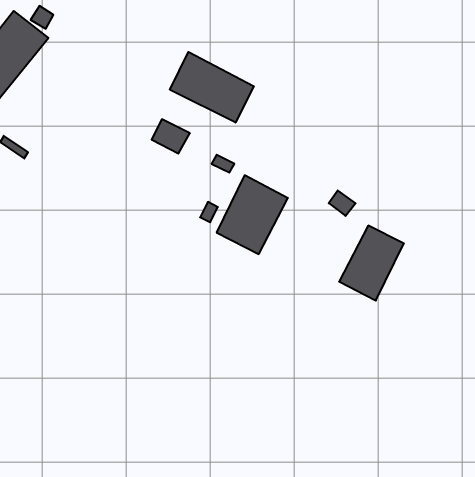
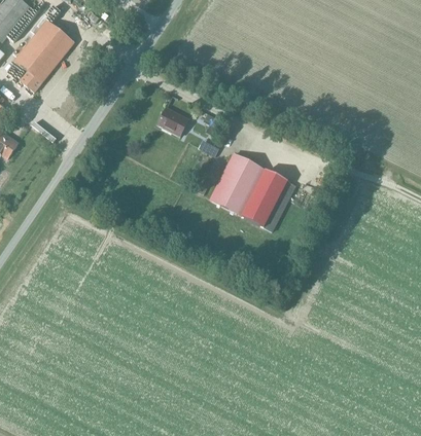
building: [170,52,254,123] -> none
building: [339,226,404,301] -> [244,171,296,231]

